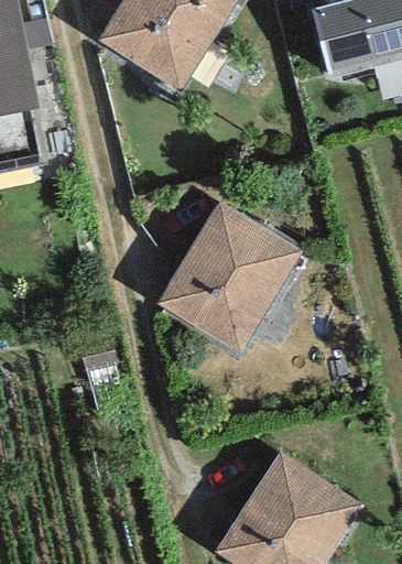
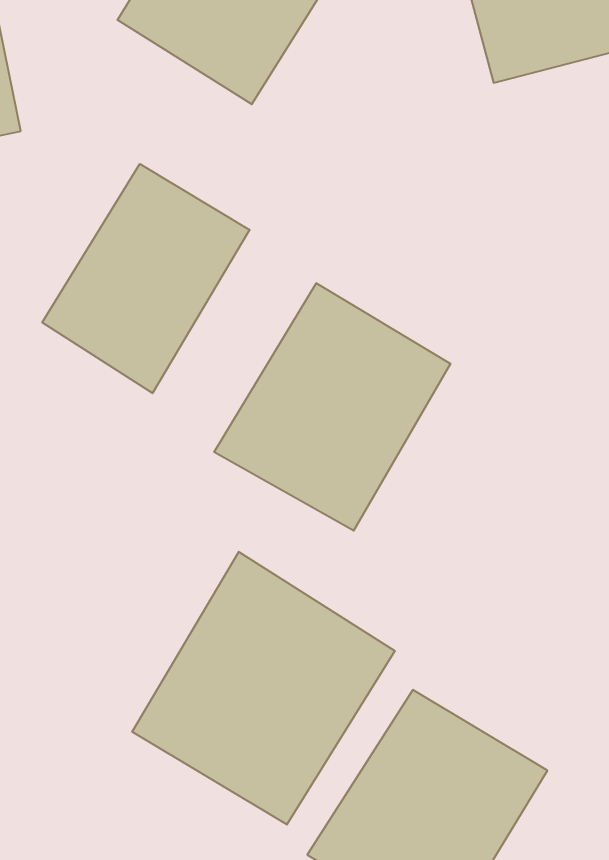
building: none -> [42,164,250,393]
building: none -> [132,552,395,825]

